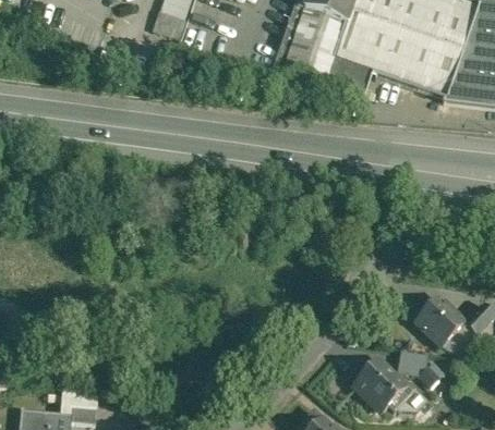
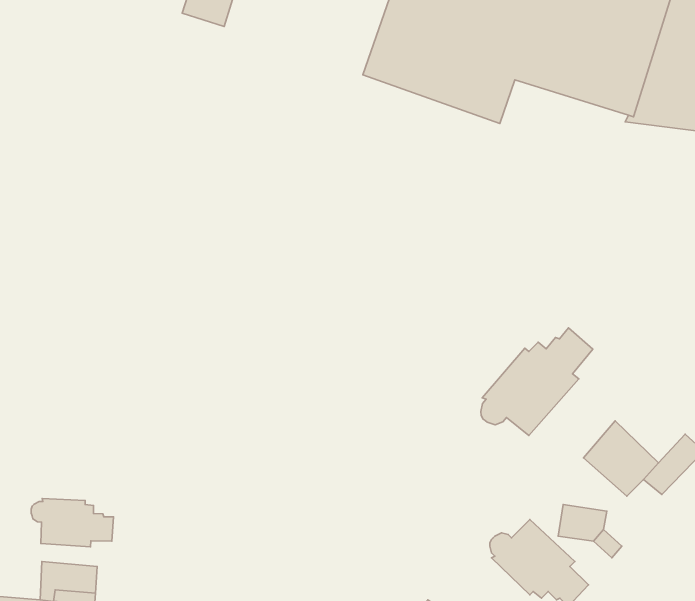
building: none -> [481,328,593,435]
building: none -> [31,499,113,547]

